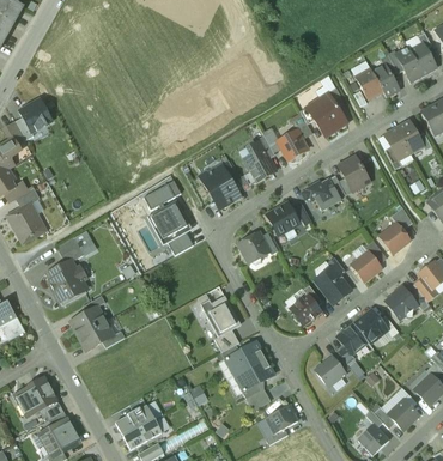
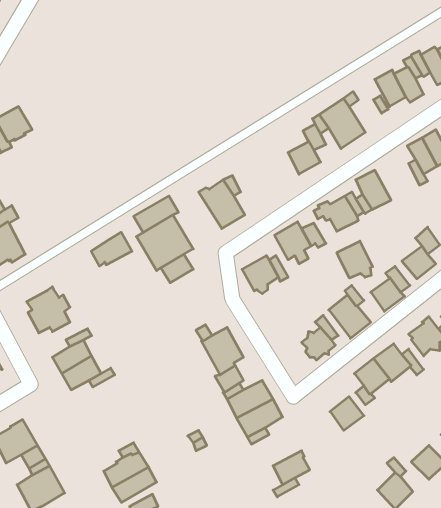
building: [239,134,274,184] -> none
building: none -> [337,241,373,278]
building: [57,232,93,262] -> [91,232,132,266]

